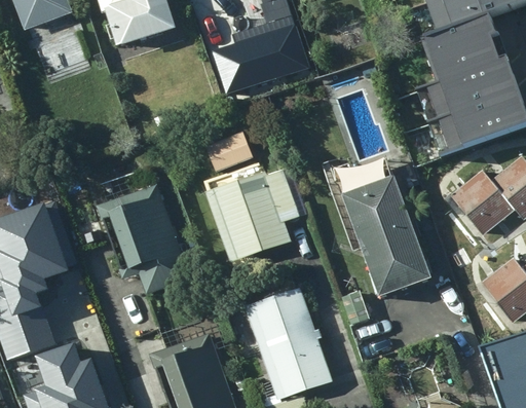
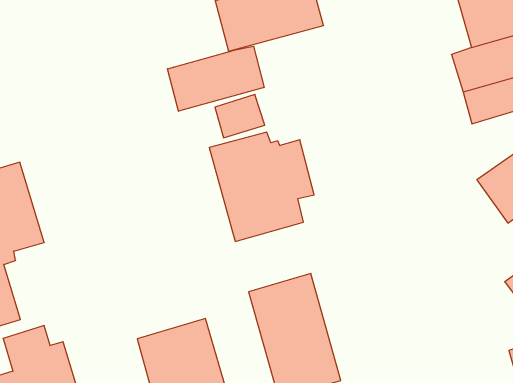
building: none -> [167,46,264,111]
building: [333,158,440,301] -> none
building: [99,184,191,295] -> none

